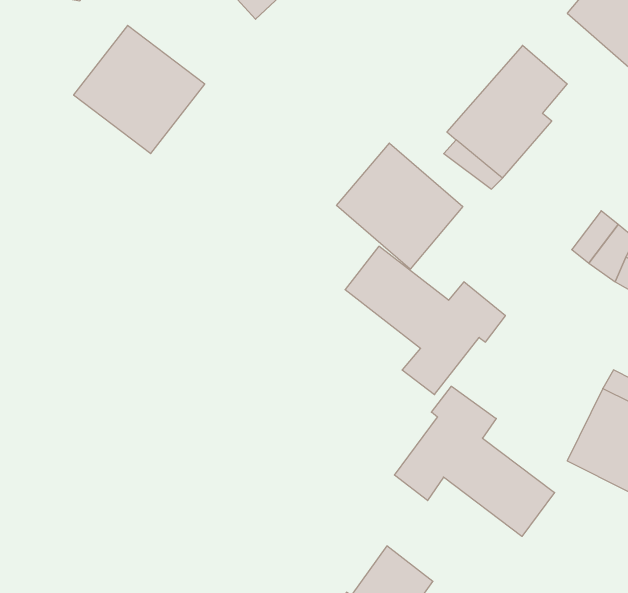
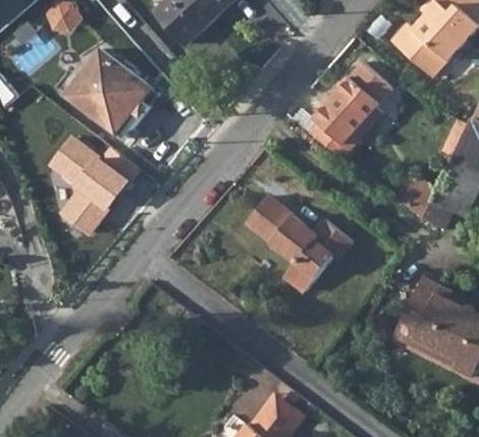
building: [337,143,463,269] -> none
building: none -> [45,138,137,239]
building: [394,386,555,536] -> none

